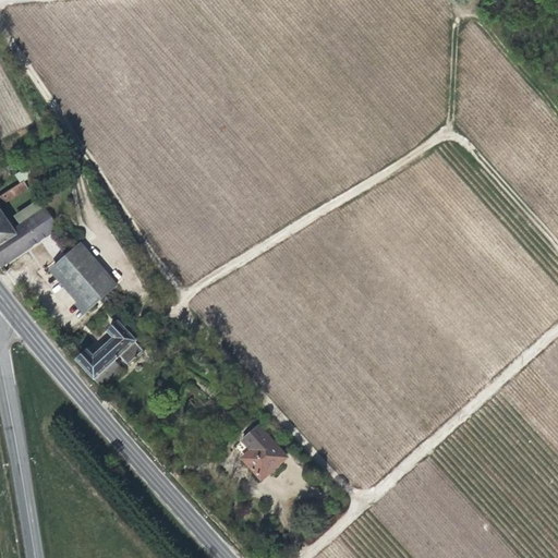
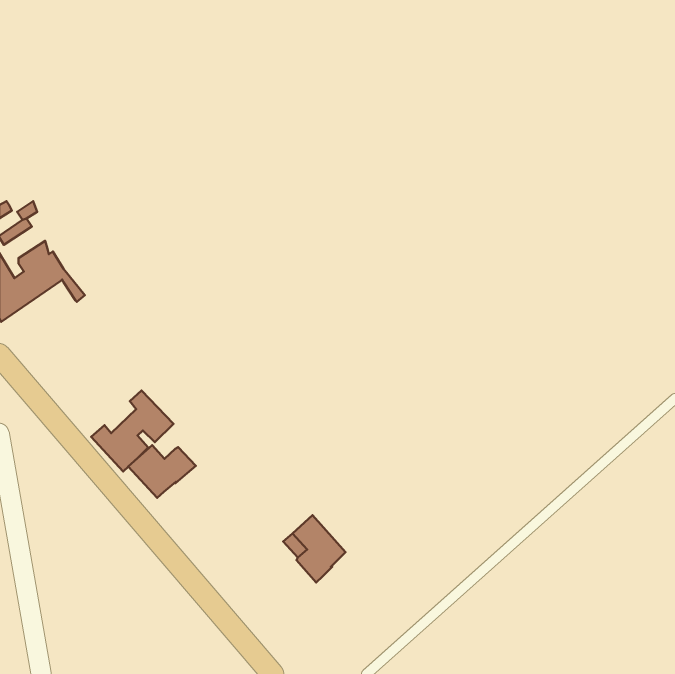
building: [51,242,116,308] -> none
building: none -> [128,445,196,498]

